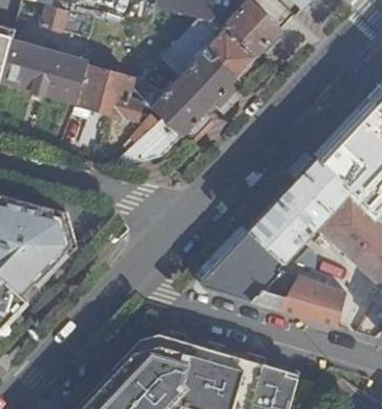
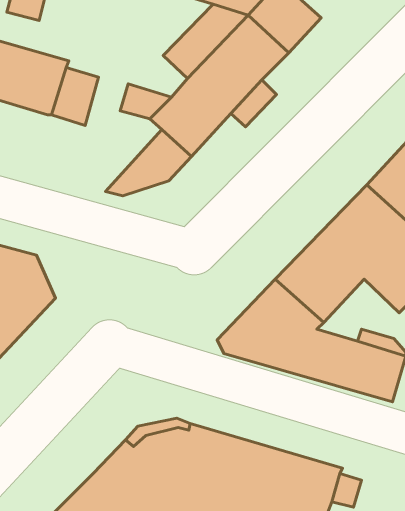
building: [100,74,138,120] -> none

